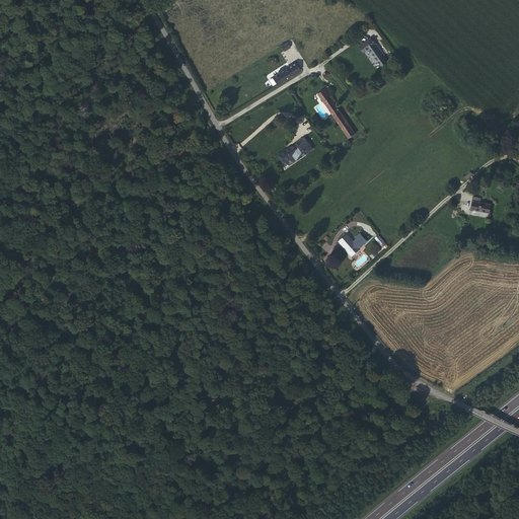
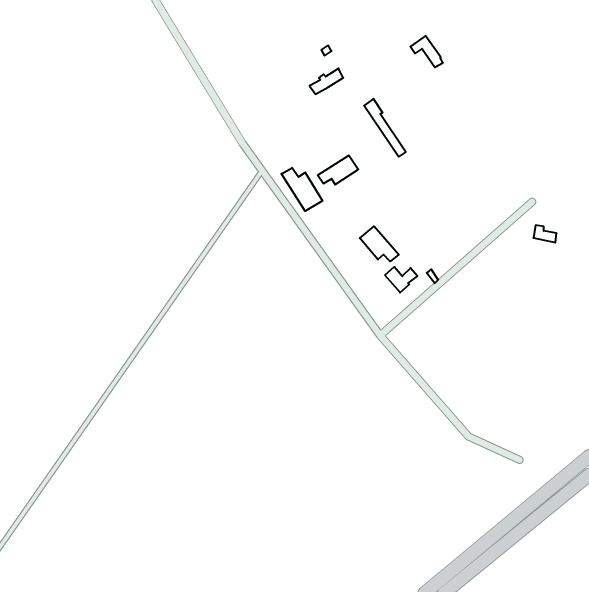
building: none -> [281,168,323,211]
building: none -> [360,226,399,261]

